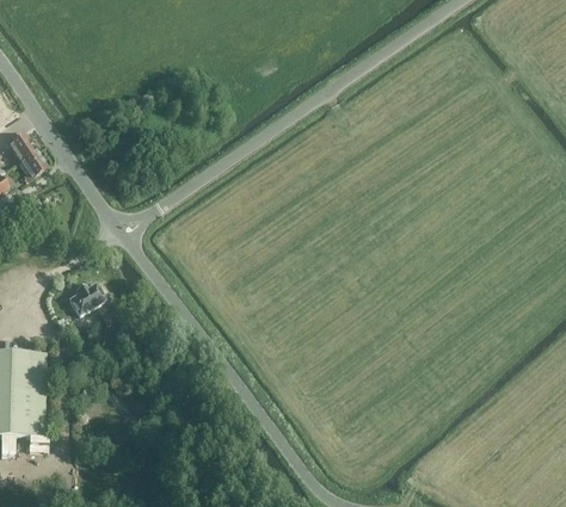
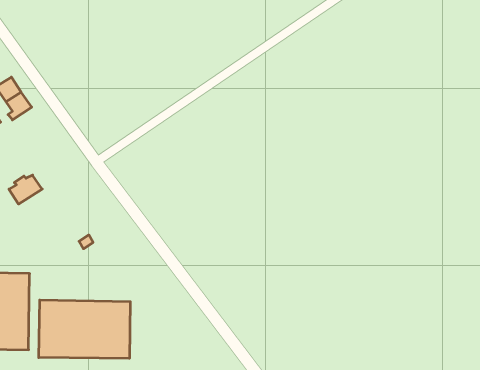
building: [68,283,105,315] -> [9,175,42,204]
building: none -> [39,300,130,358]

